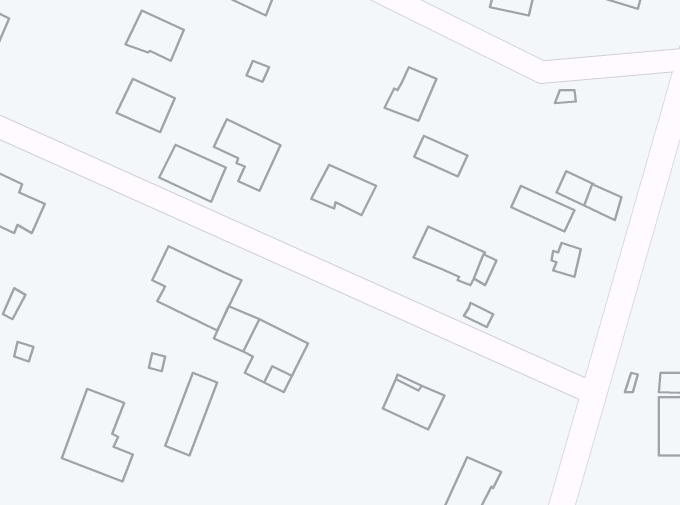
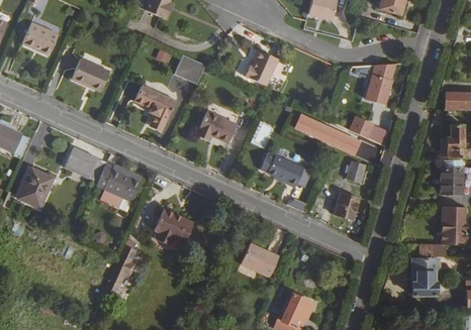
building: [126,10,184,61] -> [23,22,60,53]
building: none -> [175,56,205,85]
building: none -> [365,65,395,104]
building: [414,136,468,176] -> [293,114,326,139]
building: [159,145,226,202] -> [66,147,107,183]
building: none -> [19,167,55,208]
building: none -> [333,195,359,221]
building: [62,389,133,482] -> none

